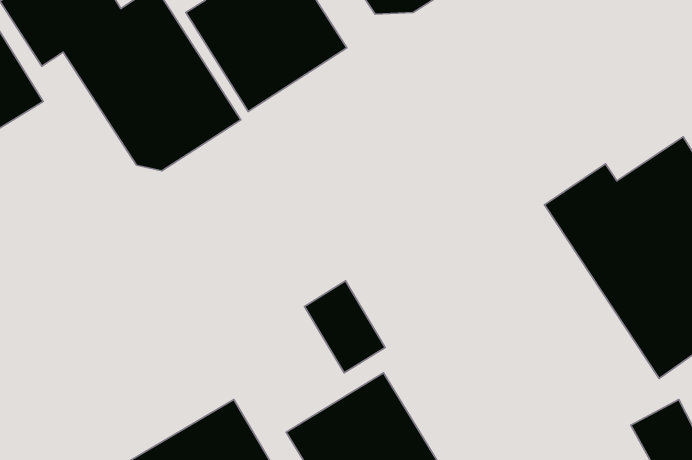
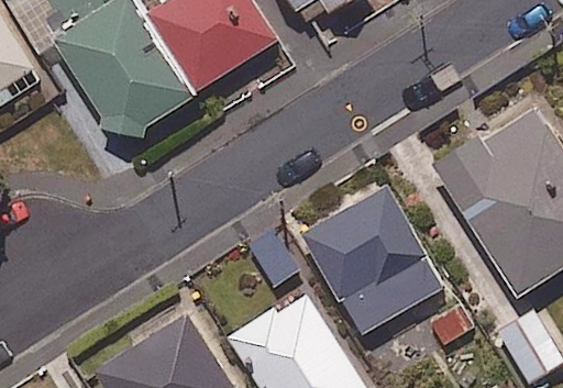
building: none -> [300,186,443,336]

